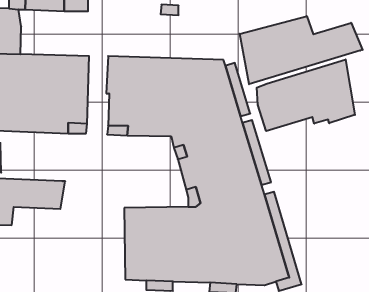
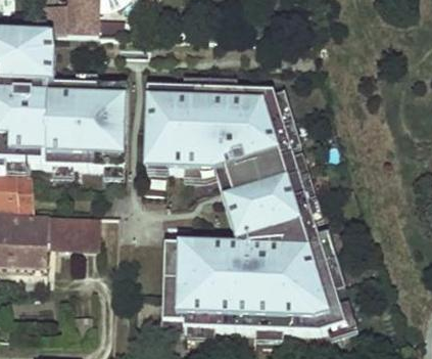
building: [240,16,363,84] -> none
building: [257,59,355,131] -> none

